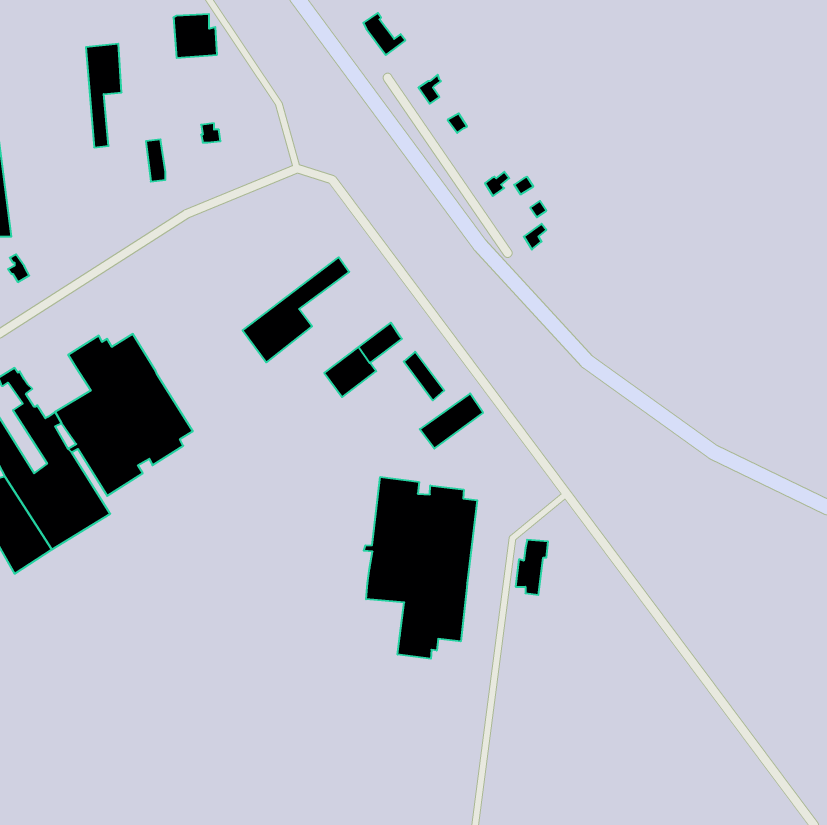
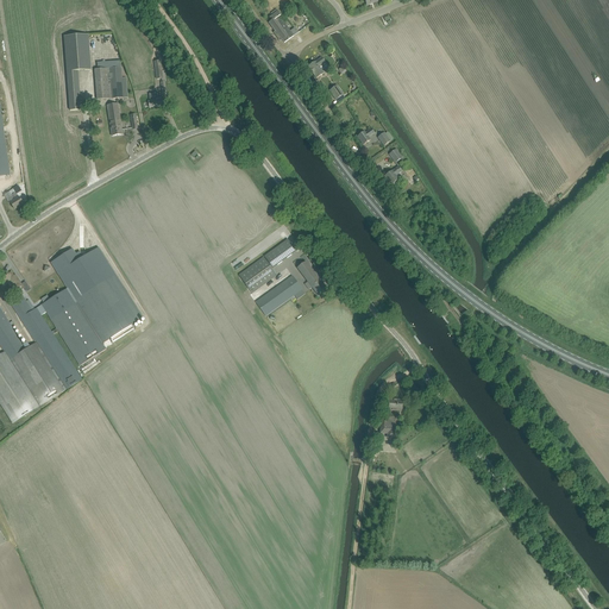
building: [173,14,217,58] -> [94,65,126,98]
building: [243,257,349,362] -> none
building: [420,393,483,449] -> [255,274,301,314]
building: [364,477,477,659] -> none

